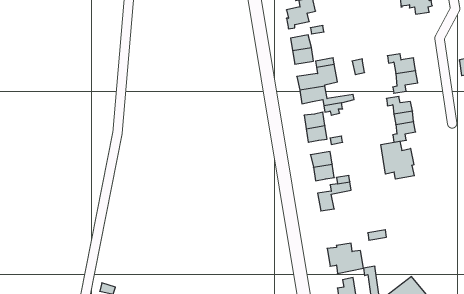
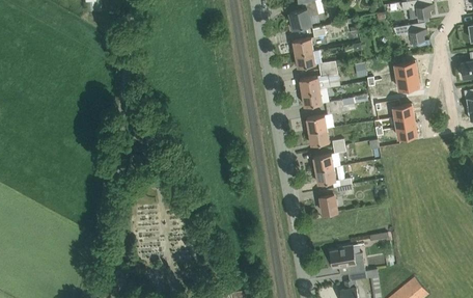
building: none -> [393,23,427,43]
building: [381,141,414,179] -> none

